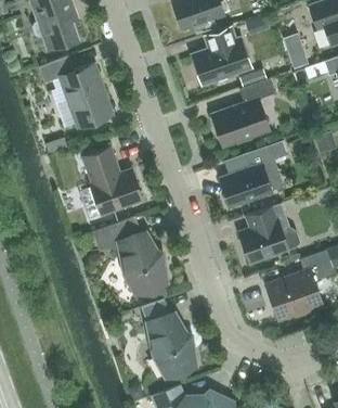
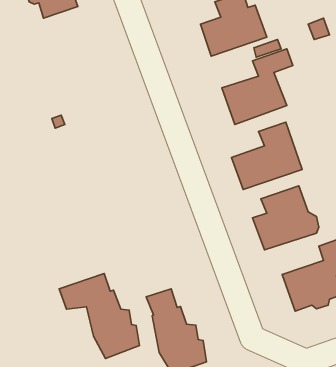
building: [39,56,113,127] -> none
building: [80,148,143,219] -> none
building: [94,217,168,295] -> [59,274,140,359]

